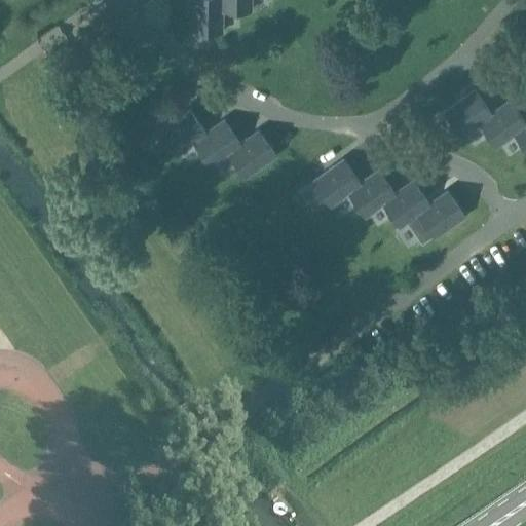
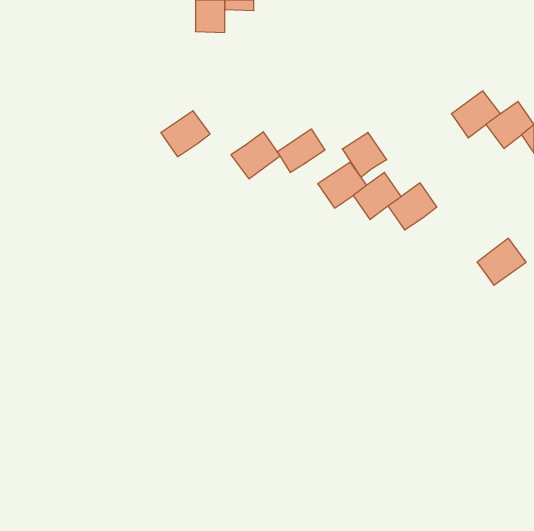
building: [193,122,241,168] -> none
building: none -> [277,129,325,173]
building: none -> [342,132,387,177]
building: [416,193,464,239] -> [477,238,526,285]

